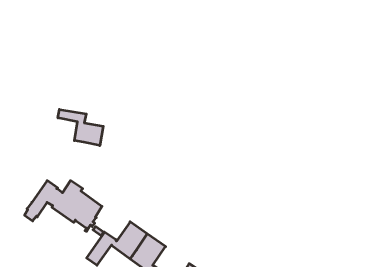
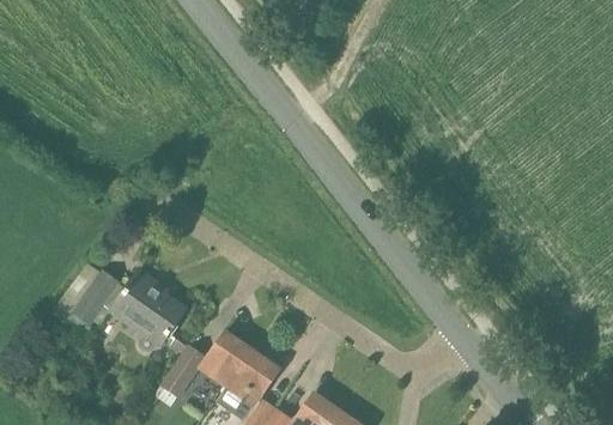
building: [58,109,103,146] -> none

